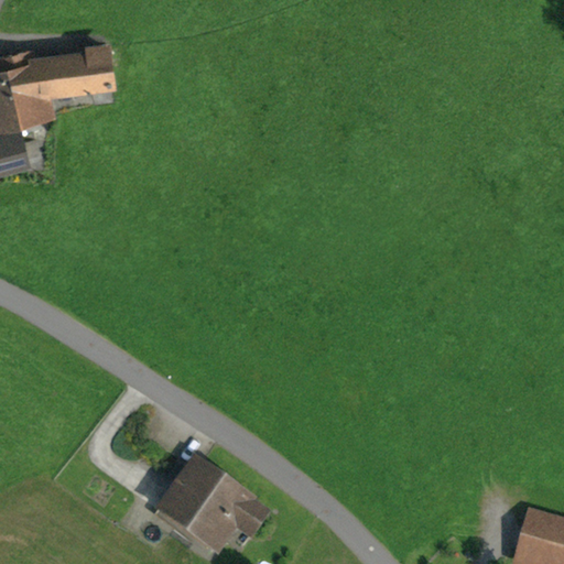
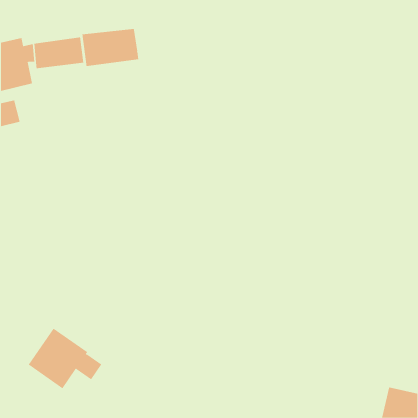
building: none -> [82,28,139,67]
building: [165,465,265,547] -> [28,328,102,389]

